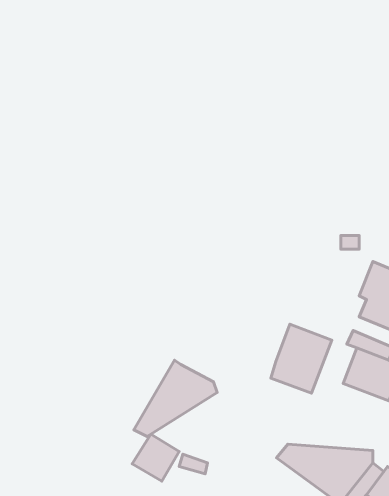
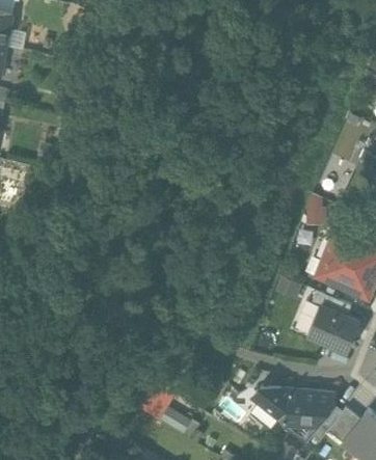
building: [271,324,332,393] -> none
building: [134,360,217,437] -> none

